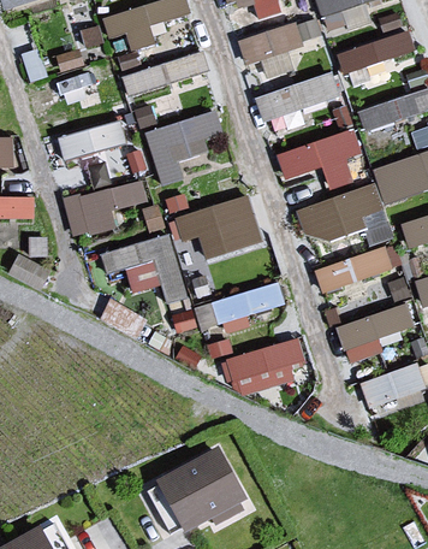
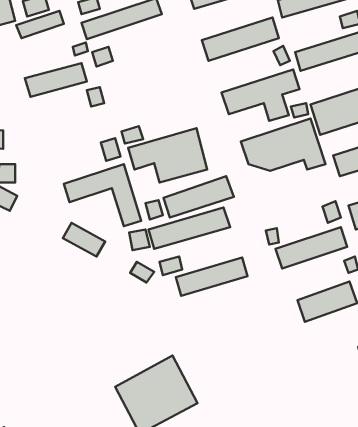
building: [143,110,222,189] -> none
building: [61,179,144,241] -> none
building: [315,247,393,293] -> [163,176,234,217]

